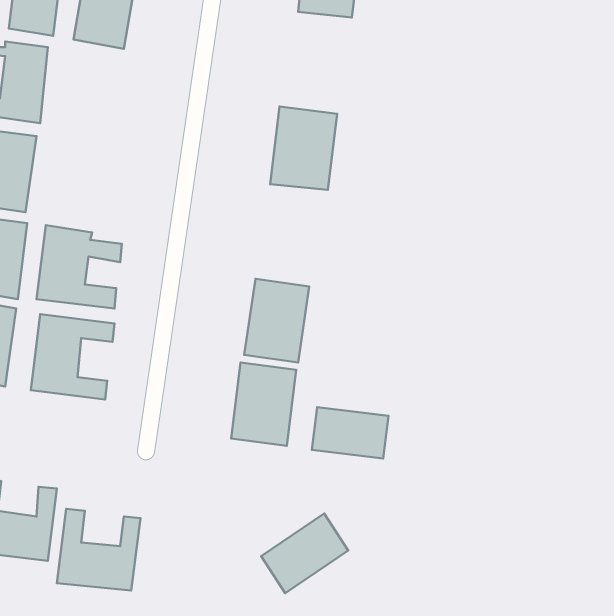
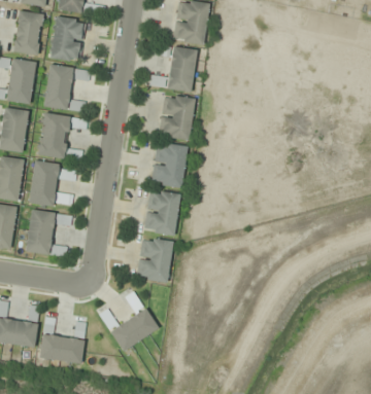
building: none -> [149,46,197,93]
building: none -> [43,64,92,112]
building: none -> [38,113,88,160]
building: none -> [151,142,188,188]
building: [312,407,389,458] -> none
building: [261,514,348,593] -> [110,308,159,352]

